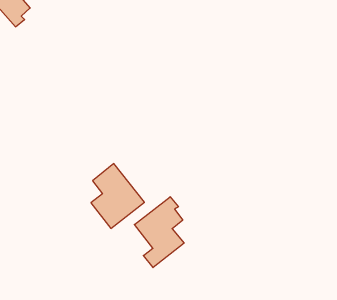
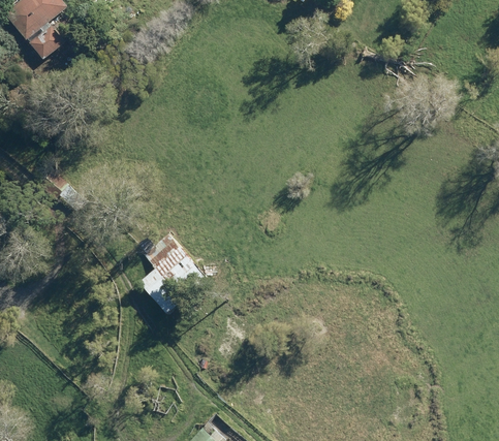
building: [134,197,184,268] -> none

